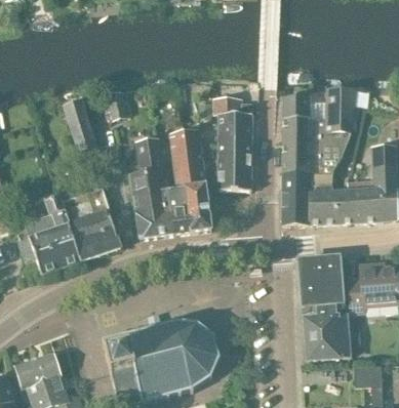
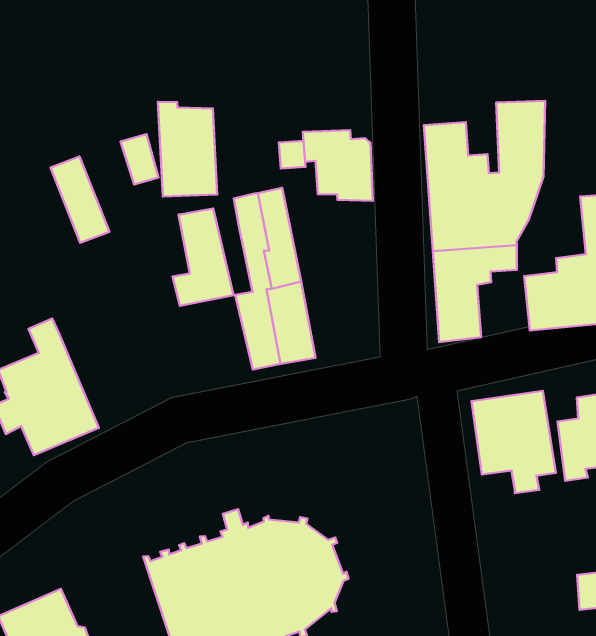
building: [217,133,250,190] -> [158,102,217,196]
building: [308,186,336,223] -> none
building: [62,189,121,260] -> none
building: [133,189,173,238] -> none
building: [305,314,348,359] -> none

